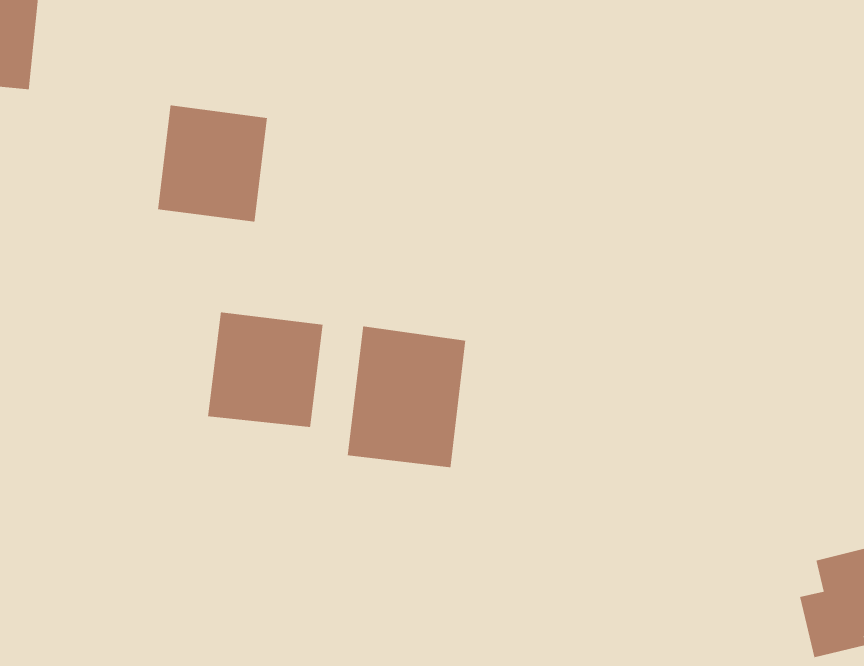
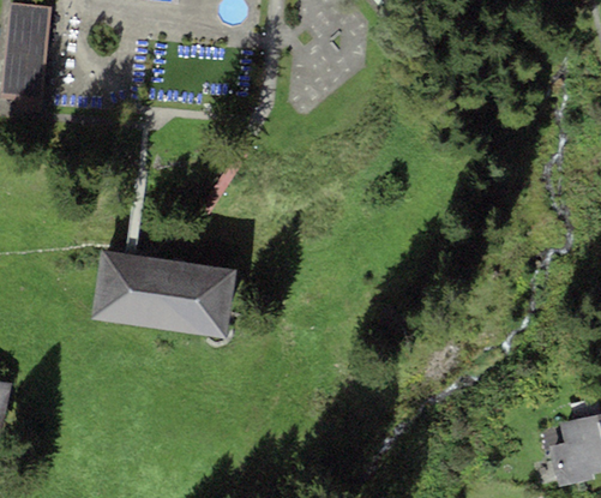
building: [157,105,268,223] -> [94,250,167,328]
building: [347,326,466,468] -> none

